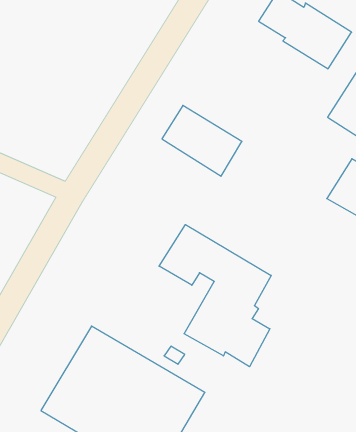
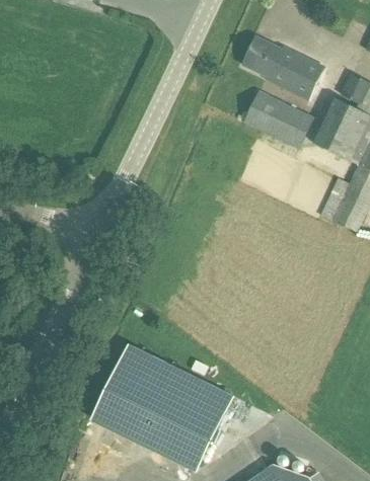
building: [162,105,242,176] -> [243,89,314,148]
building: [159,225,271,367] -> none

